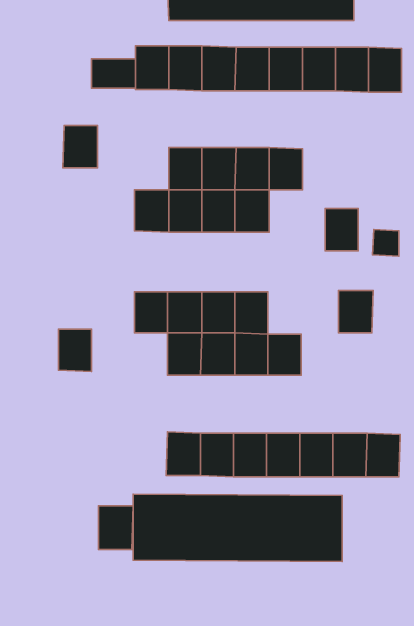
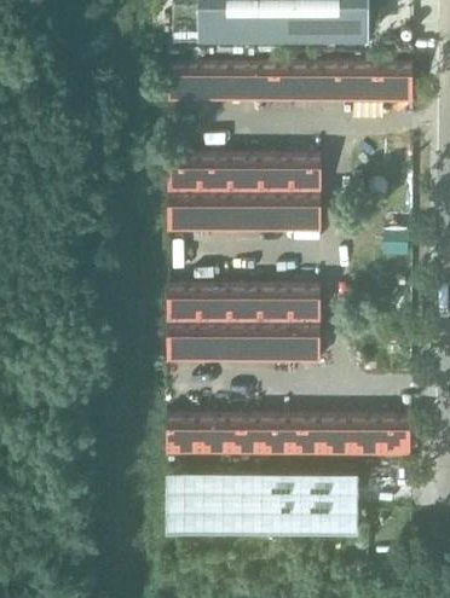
building: [92,59,135,88] -> none
building: [63,126,97,168] -> [167,155,198,193]
building: [325,208,358,251] -> [290,193,321,232]
building: [339,291,373,333] -> [289,286,321,325]
building: [58,329,92,372] -> [167,324,197,362]
building: [99,506,133,550] -> [166,414,197,454]

